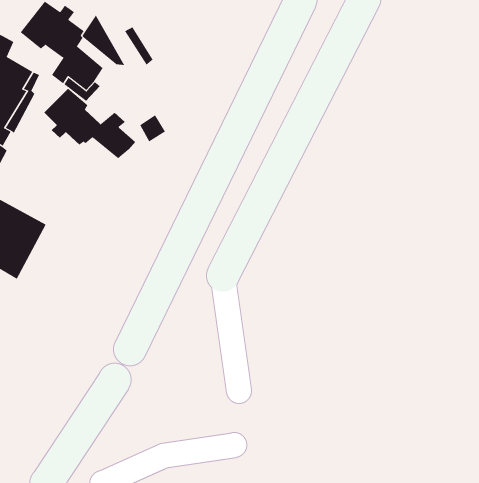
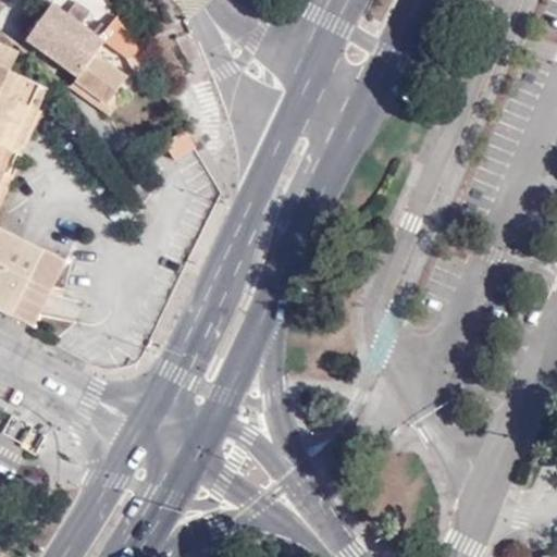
building: [43,88,136,159] -> none

